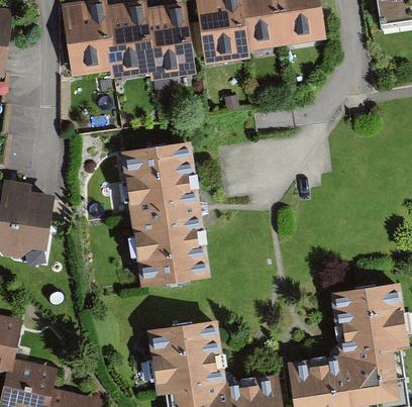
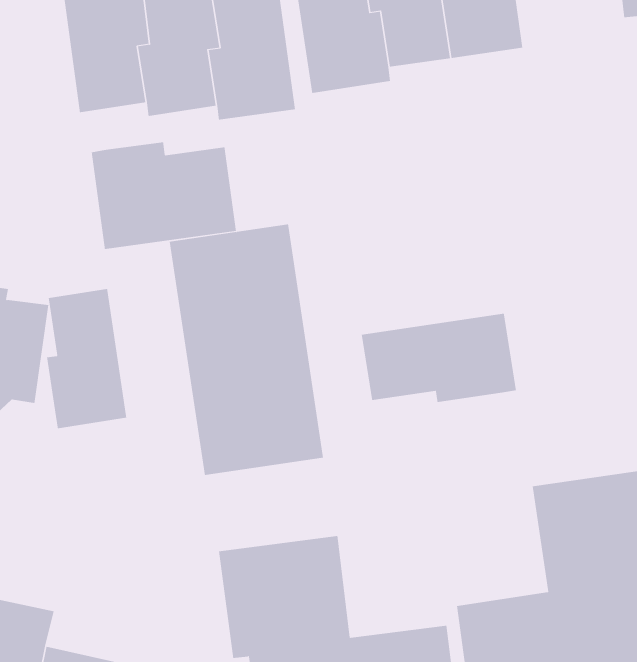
building: none -> [91,142,236,250]
building: none -> [46,288,127,429]
building: none -> [361,313,516,403]

